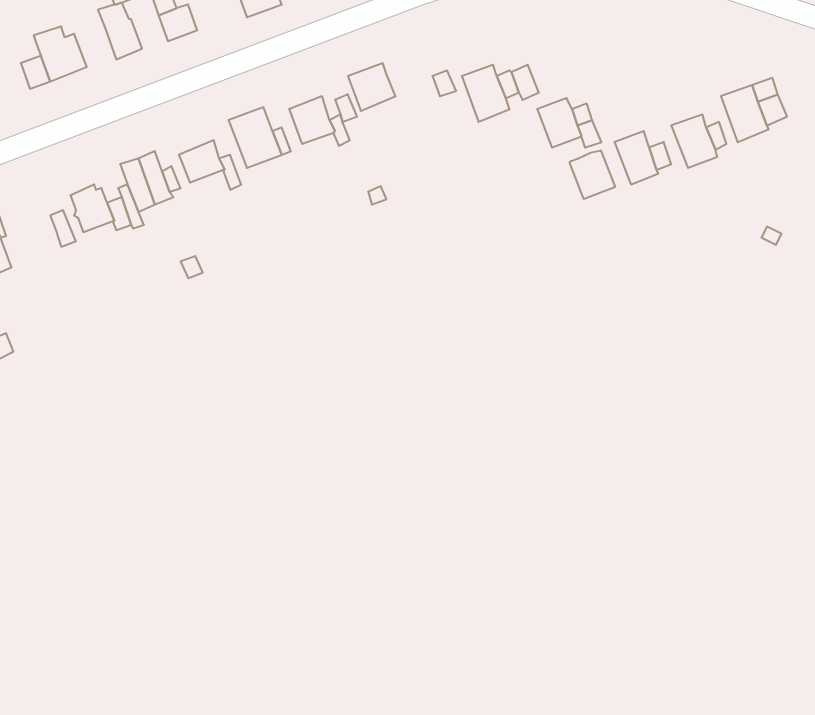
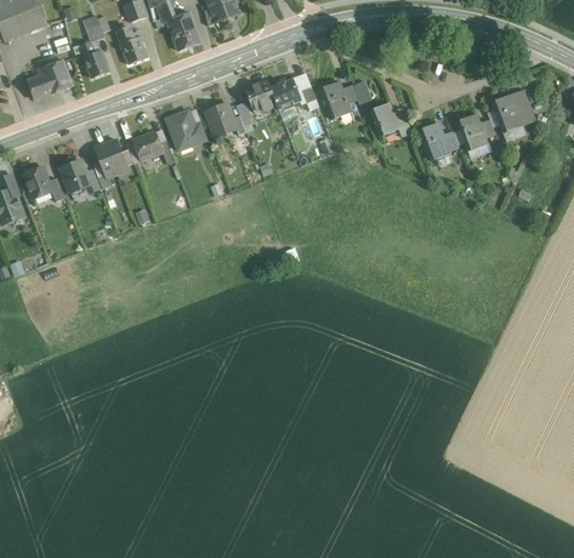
building: none -> [269,79,301,109]
building: [570,150,615,199] -> none
building: none -> [23,166,51,198]

